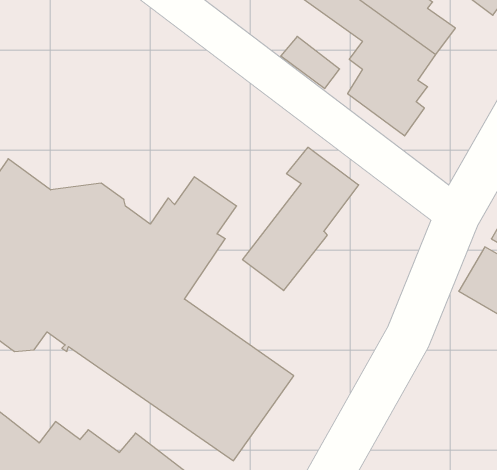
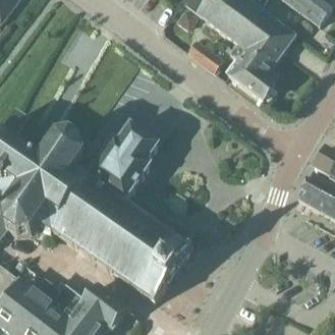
building: [243,147,359,291] -> none

